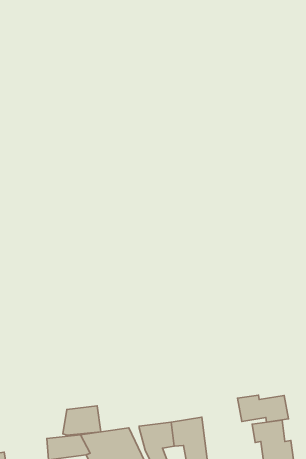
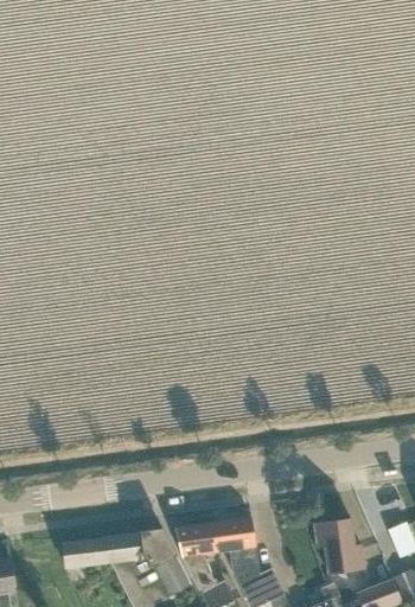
building: [238,395,288,422] -> none
building: [63,406,101,435] -> none

